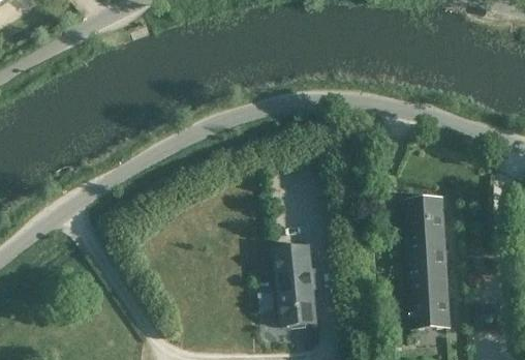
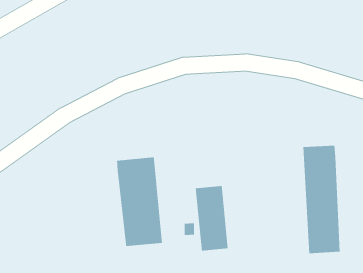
building: none -> [116,157,163,247]

